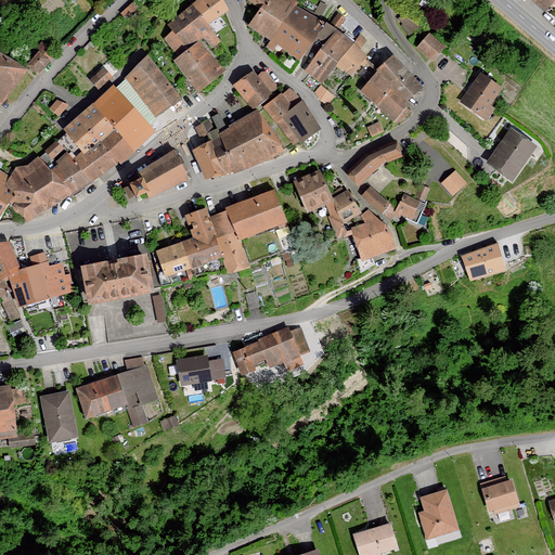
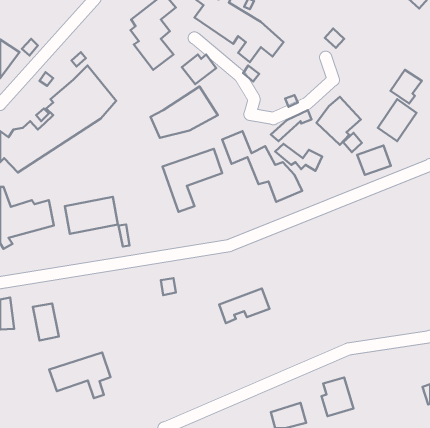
building: [127,55,180,114] -> none
building: [363,55,421,117] -> [316,97,361,145]
building: [462,75,502,118] -> [391,70,422,104]
building: [259,86,315,144] -> none
building: [132,144,193,194] -> none
building: [156,212,222,279] -> none
building: [462,245,505,283] -> [357,146,391,175]
building: [233,331,298,375] -> [219,289,270,323]
building: [177,356,210,385] -> none
building: [77,365,156,424] -> [49,353,111,398]
building: [477,477,515,508] -> none

